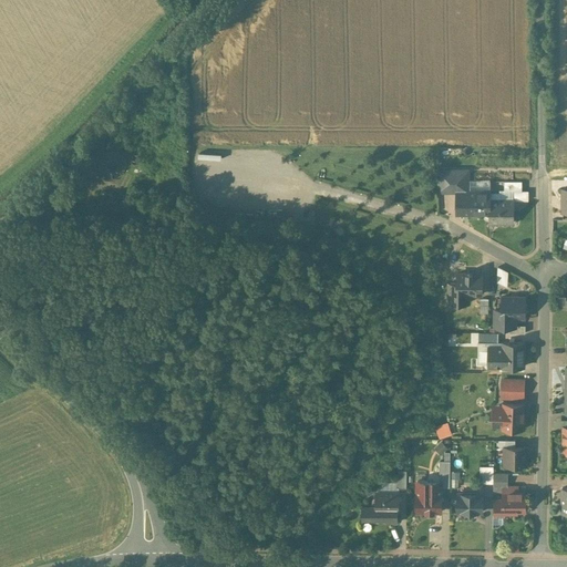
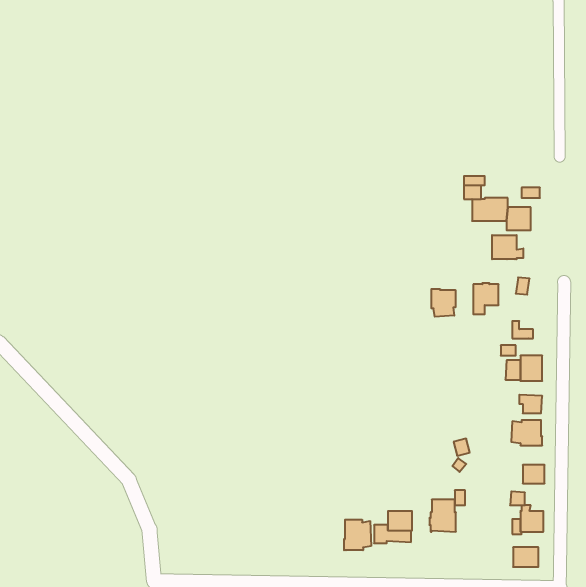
building: none -> [492,235,523,259]
building: none -> [431,289,455,317]
building: [499,298,523,318] -> none
building: [455,494,480,513] -> [513,547,538,567]
building: none -> [344,520,371,550]

